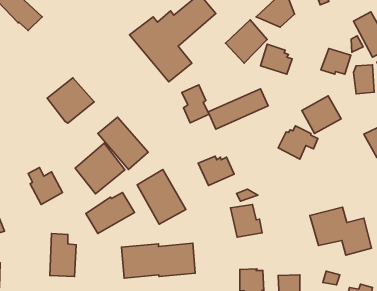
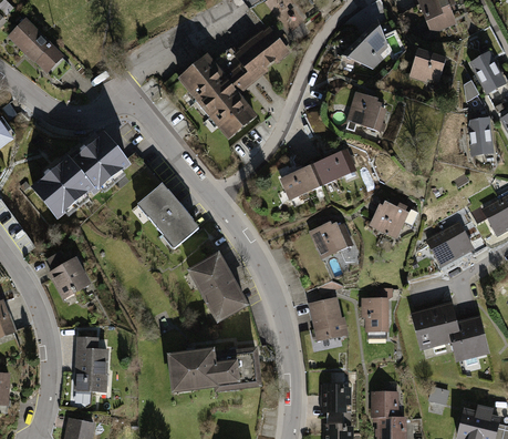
building: [226,20,267,63] -> none
building: [321,48,351,74] -> [408,49,447,82]
building: [182,85,209,123] -> none
building: [302,96,341,133] -> [424,220,475,268]
building: [75,143,125,194] -> [30,156,94,222]
building: [198,156,234,185] -> [308,222,354,259]
building: [86,192,135,234] -> none
building: none -> [361,287,393,333]

